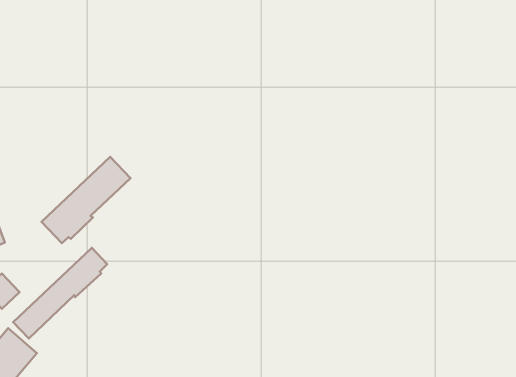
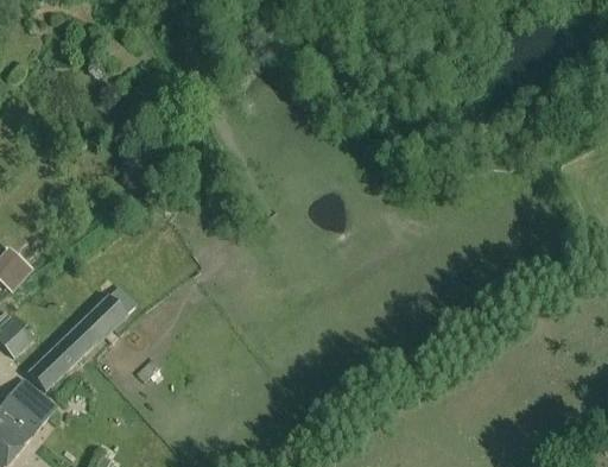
building: [42,157,130,243] -> none

